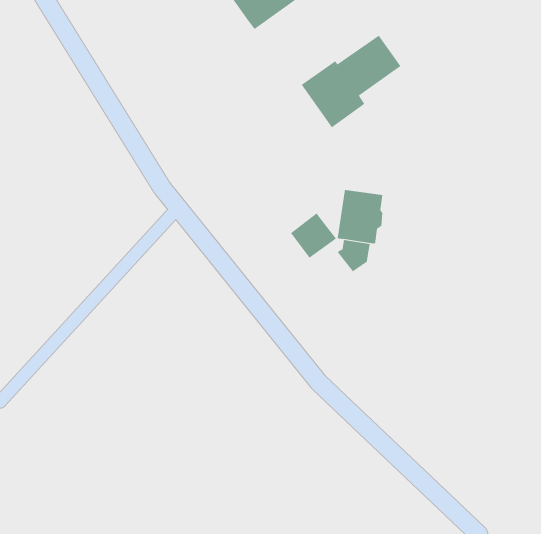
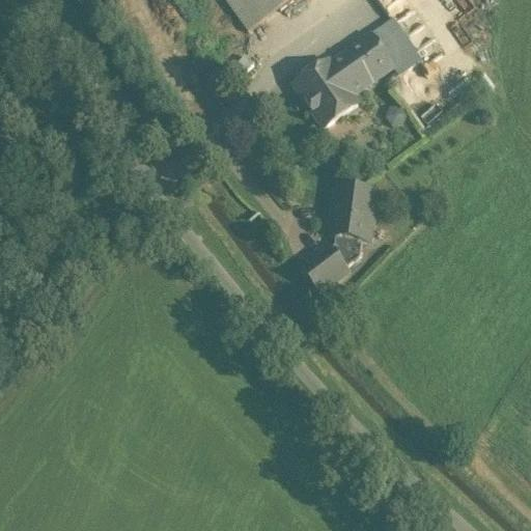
building: none -> [371,20,419,72]
building: [290,213,337,259] -> [302,245,347,289]

